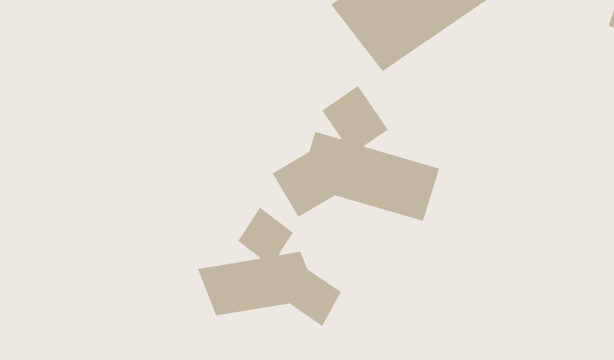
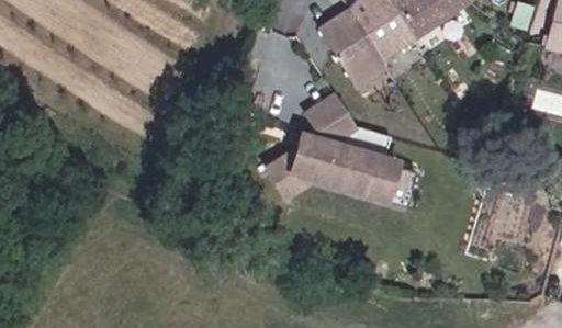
building: [197,206,342,327] -> none

